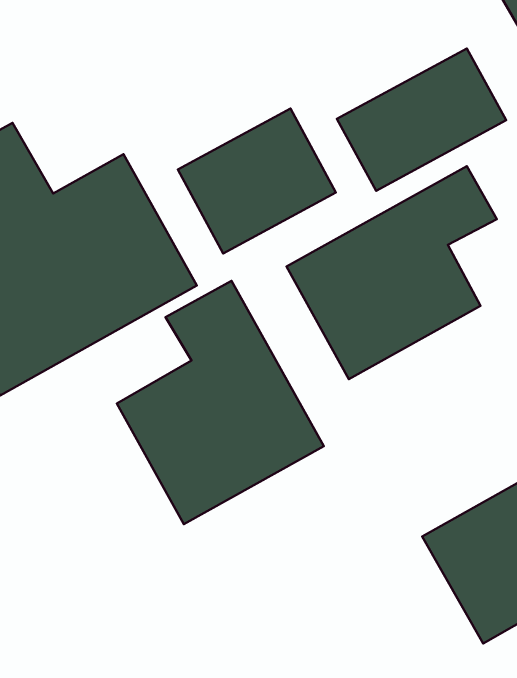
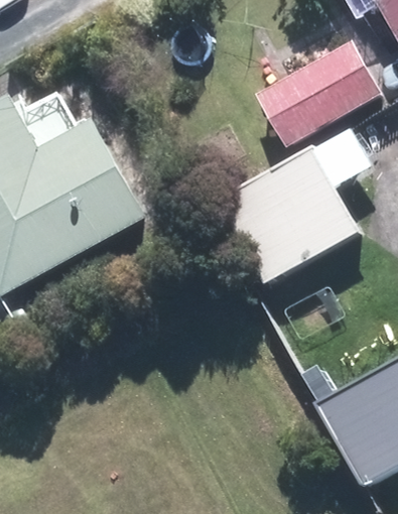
building: [178,108,336,253] -> none
building: [117,281,324,524] -> none

